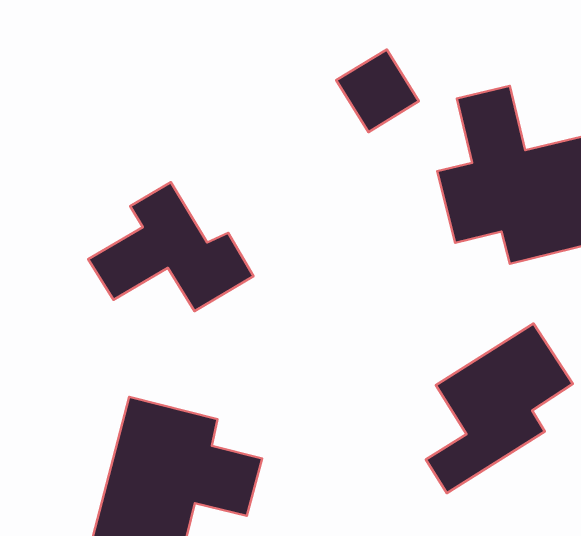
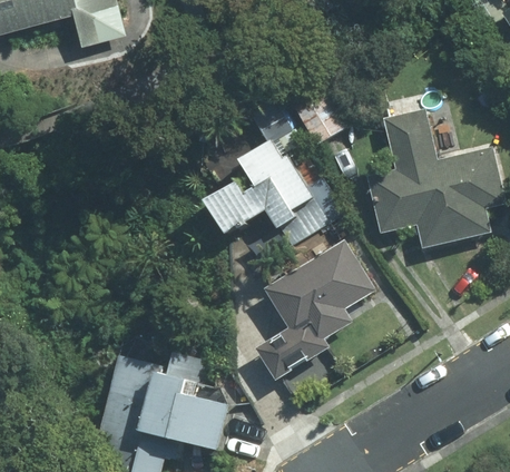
building: [88,182,253,311] -> [209,139,341,242]
building: [426,324,573,493] -> [257,239,374,374]

